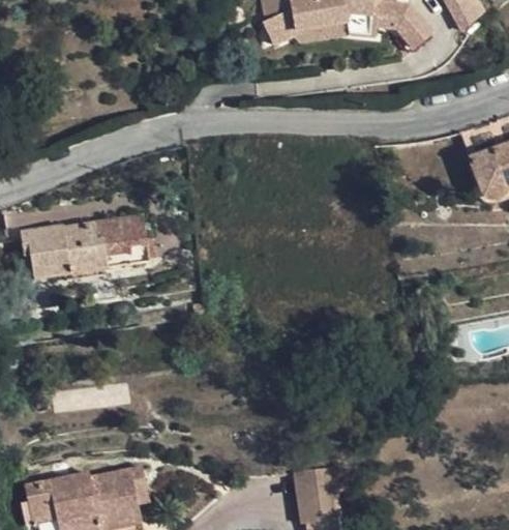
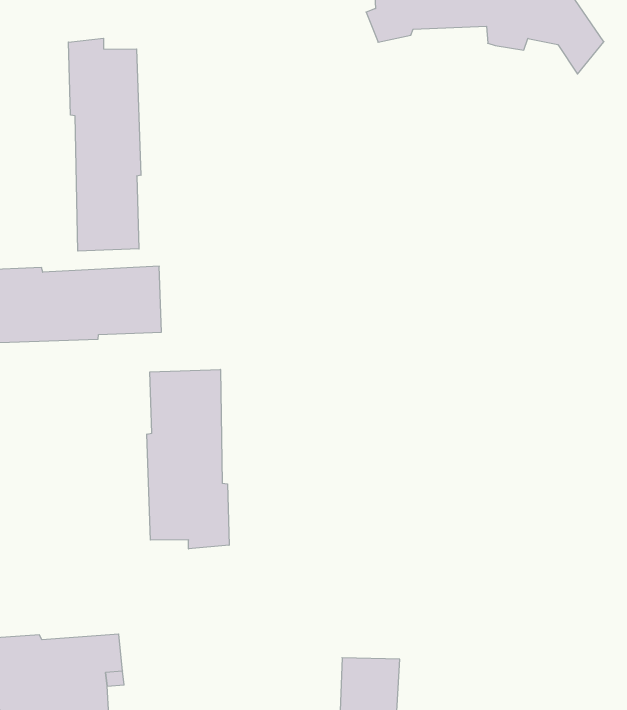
building: none -> [68,38,141,251]
building: none -> [147,369,229,549]

